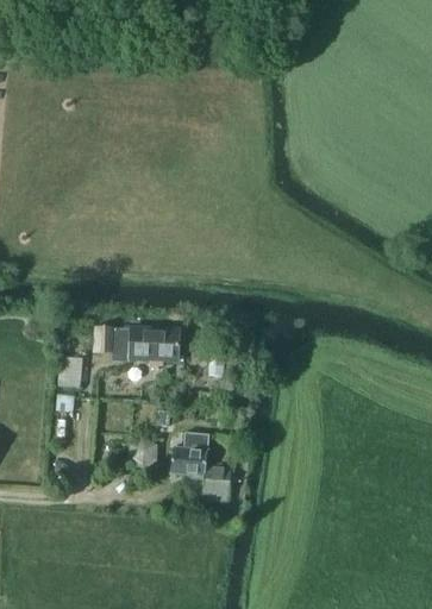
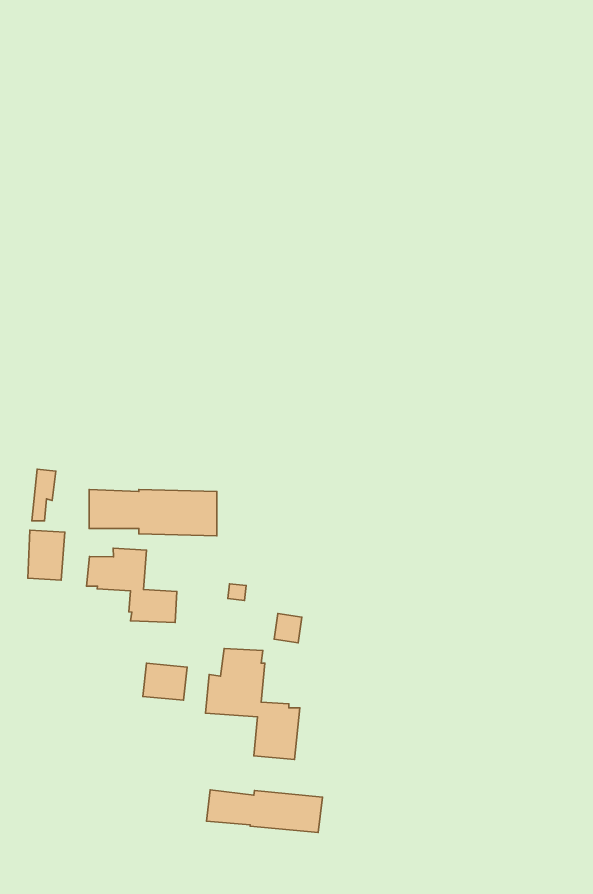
building: none -> [86,548,177,623]
building: none -> [206,790,322,833]

